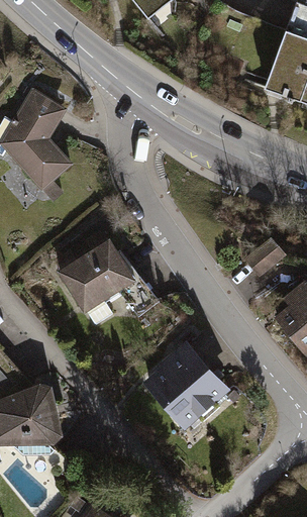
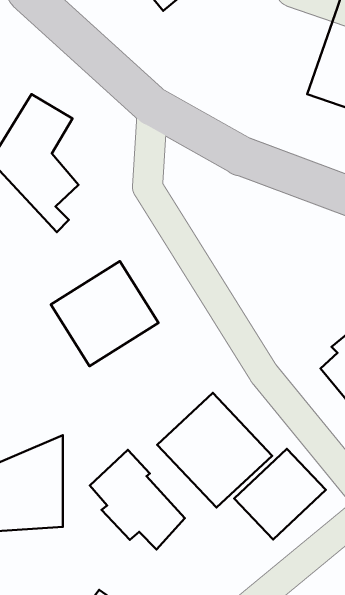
building: [244,239,287,279] -> none
building: none -> [234,449,326,540]
building: none -> [90,450,185,550]

